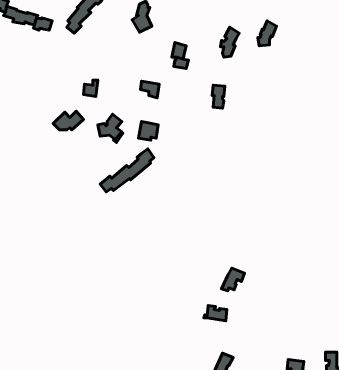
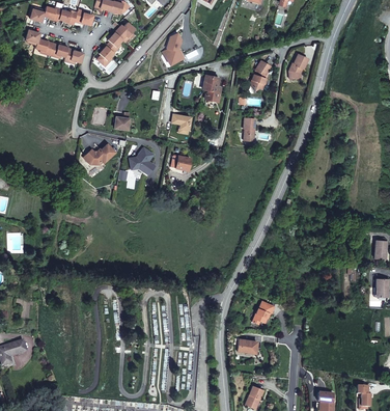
building: [100,149,154,192] -> none

